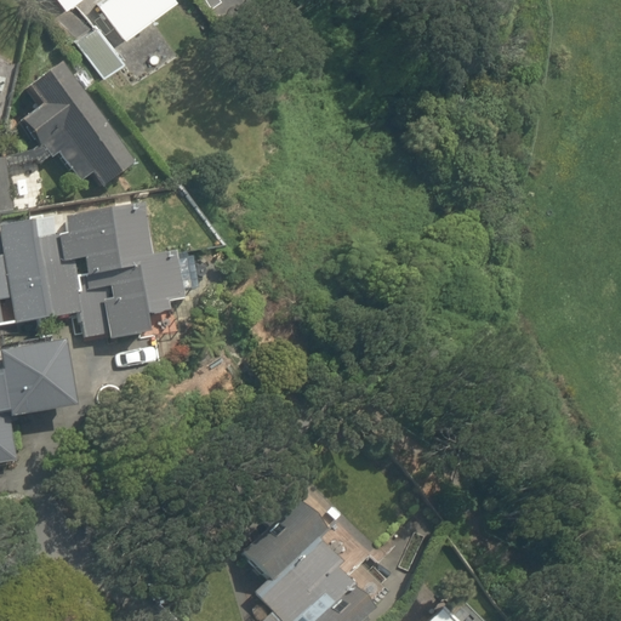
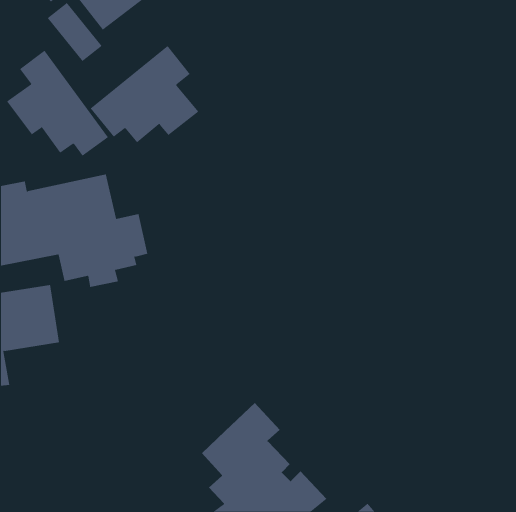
building: none -> [90,45,199,143]

